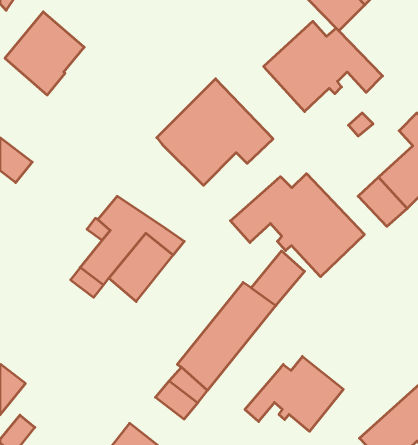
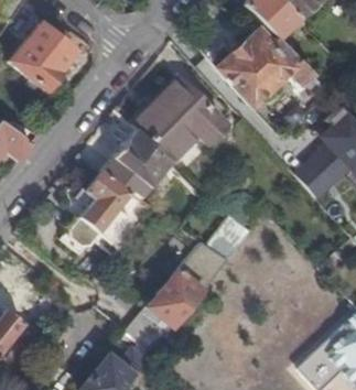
building: none -> [100,129,171,197]
building: [230,174,364,277] -> none
building: [245,356,343,431] -> none

